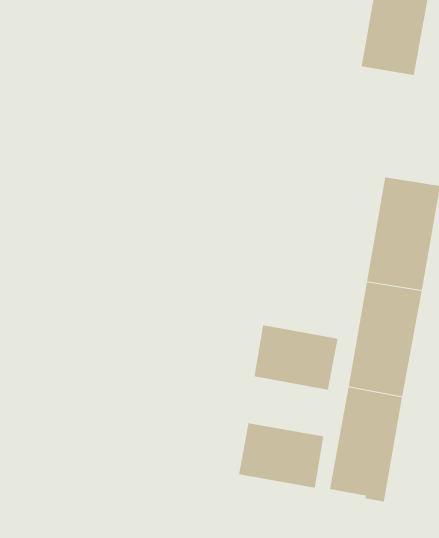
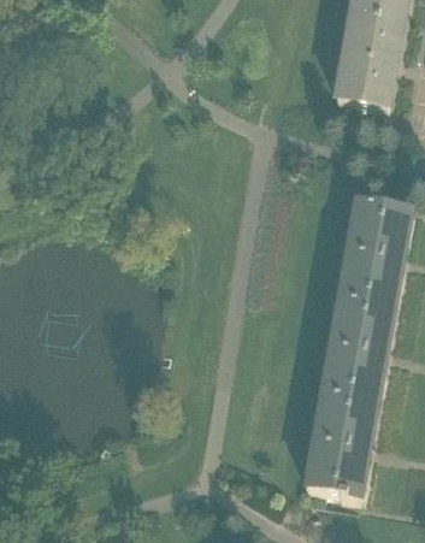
building: [254,324,338,390] -> none
building: [238,422,324,489] -> none

